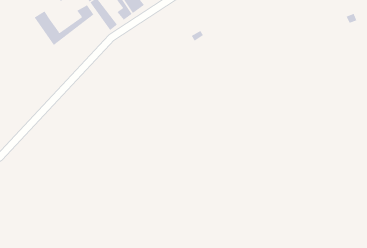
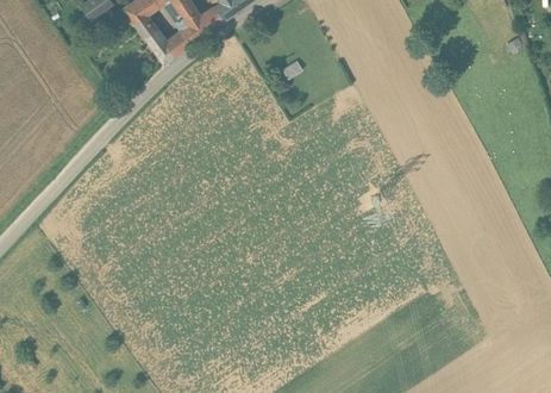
building: [34,5,94,46] -> none

